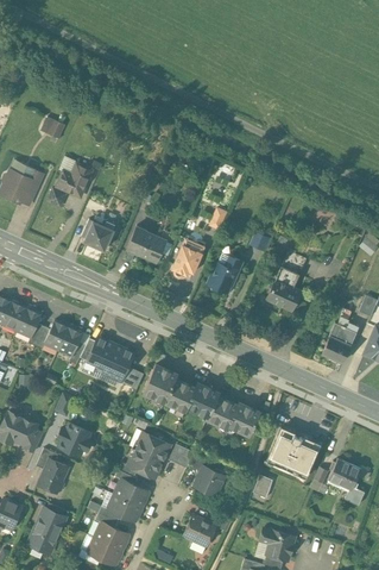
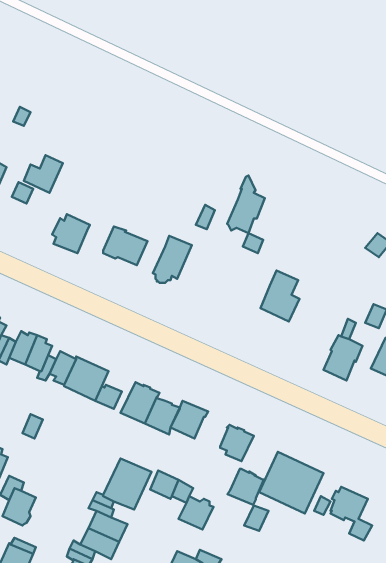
building: [208,242,241,293] -> [227,175,265,233]
building: [206,396,238,428] -> [228,469,264,505]
building: [57,424,91,456] -> none

